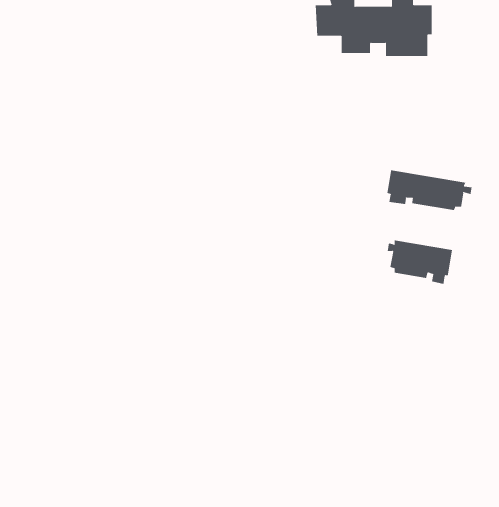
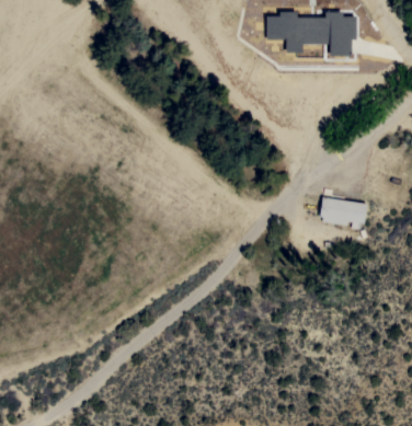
building: [387,169,472,211] -> none

